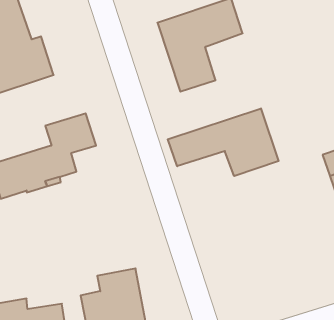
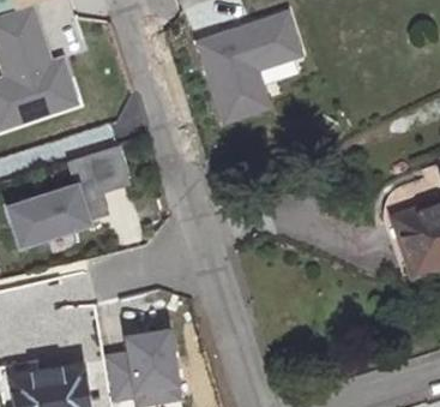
building: [168,108,279,176] -> none

